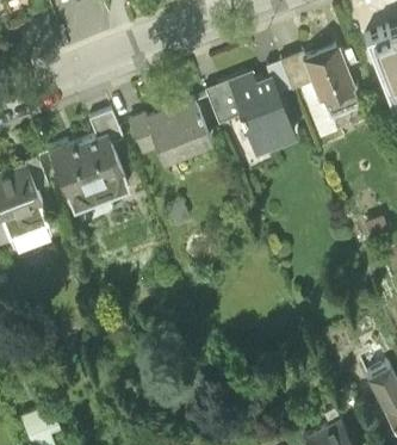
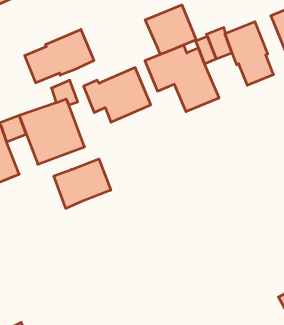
building: none -> [145,5,196,54]
building: none -> [25,29,94,83]
building: none -> [54,159,111,208]

